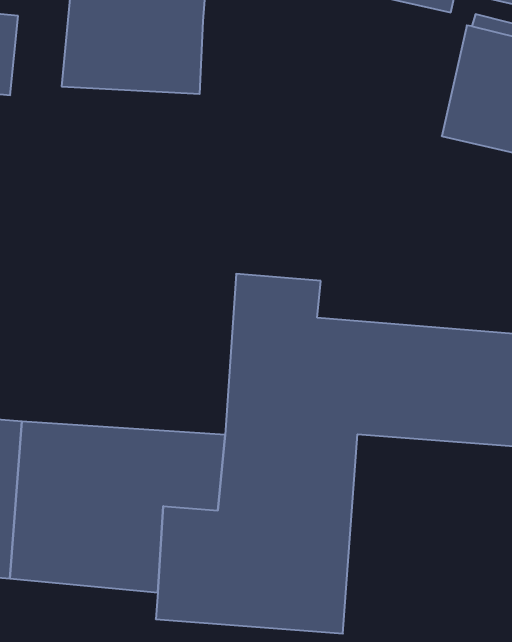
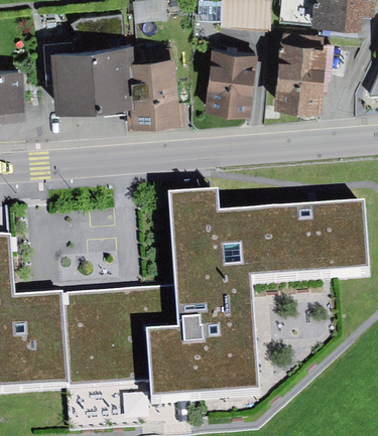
building: none -> [129,54,179,120]
building: none -> [205,49,257,114]

